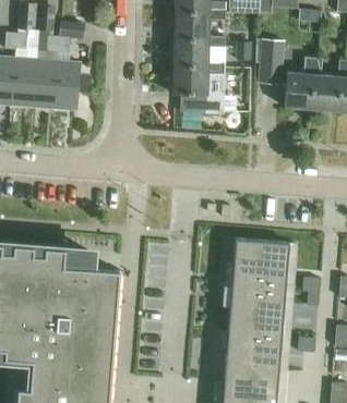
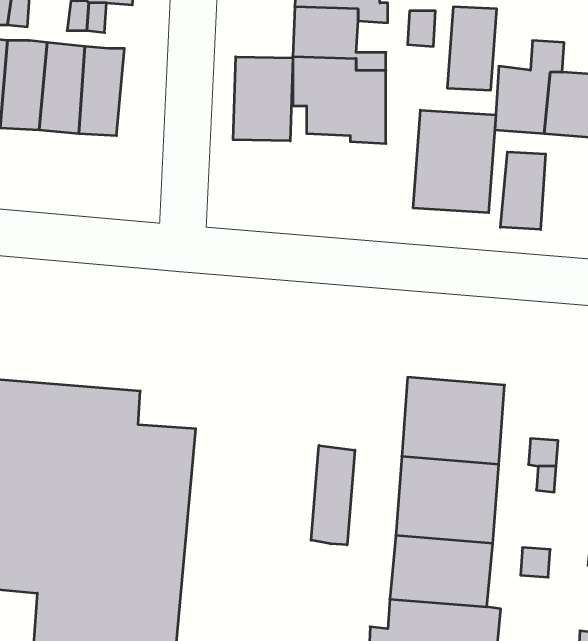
building: none -> [233,57,293,141]
building: none -> [413,110,496,213]
building: none -> [500,152,546,230]
building: none -> [311,445,355,545]

